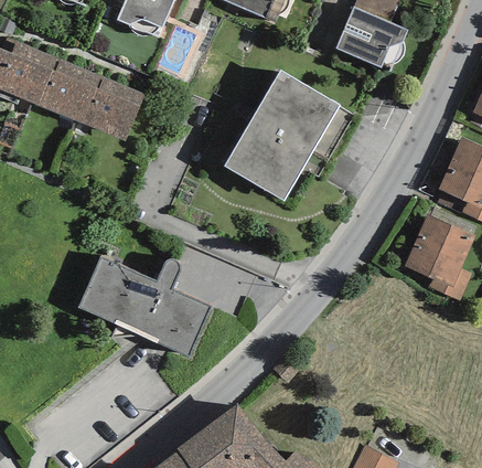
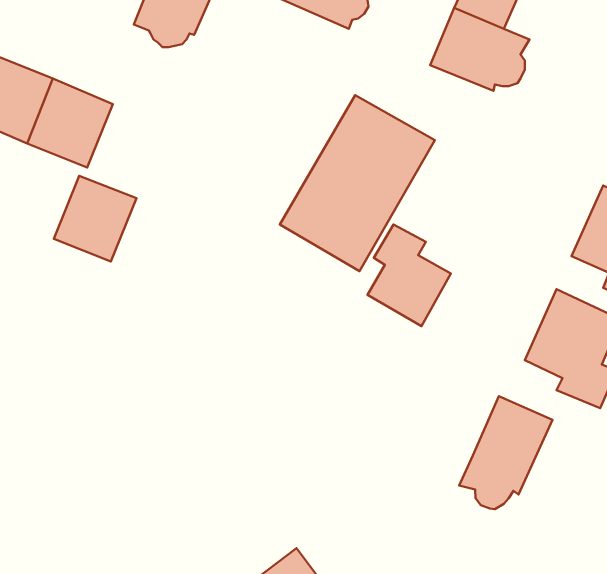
building: [83,77,143,140] -> [54,176,136,262]
building: none -> [367,225,451,326]
building: [77,256,211,355] -> none
building: none -> [459,396,553,509]

